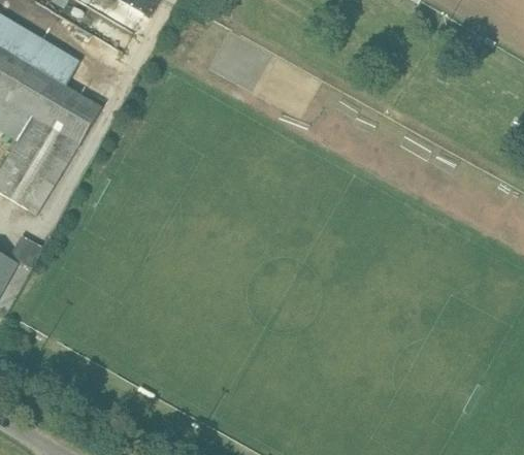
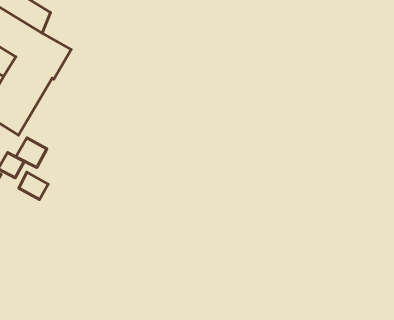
building: none -> [16,138,47,167]
building: none -> [19,172,48,200]

